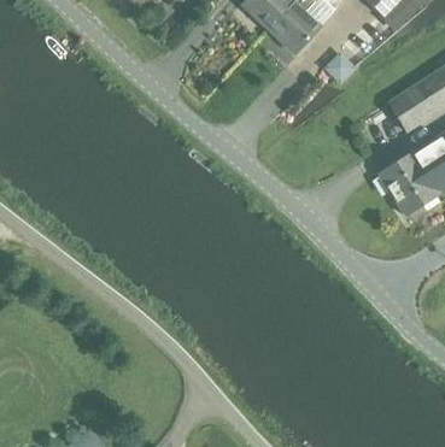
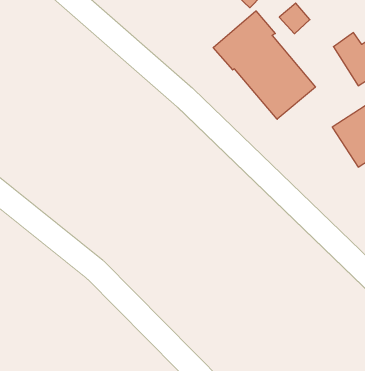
building: none -> [213,11,315,119]

